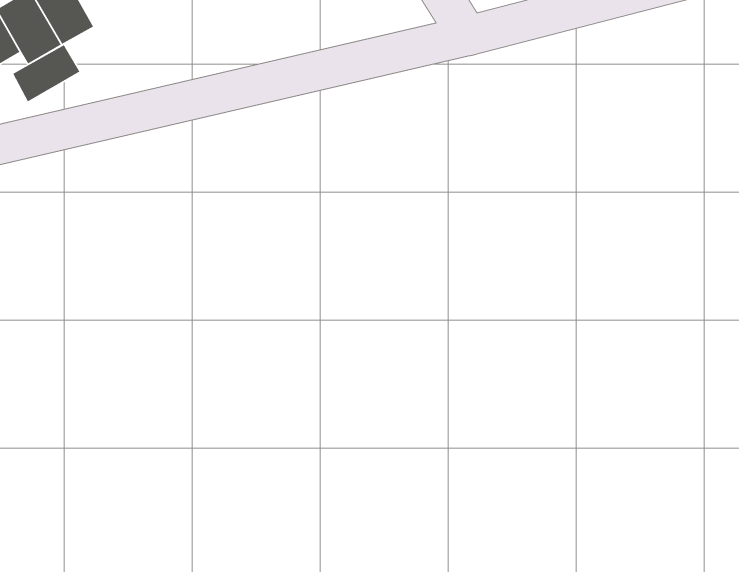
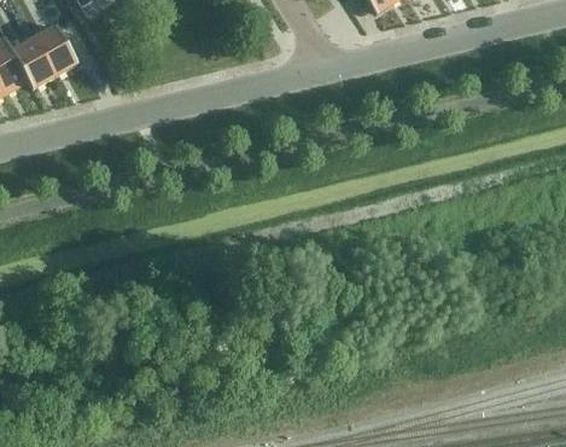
building: [12,44,80,103] -> none

